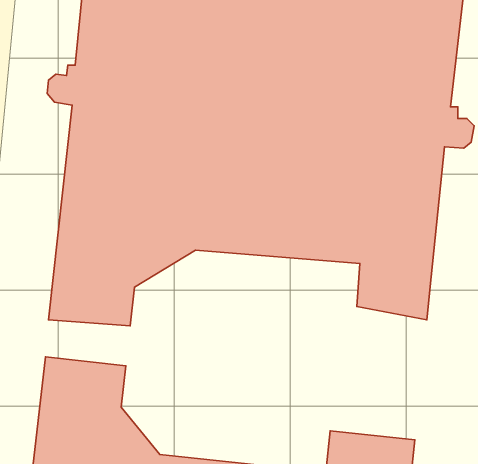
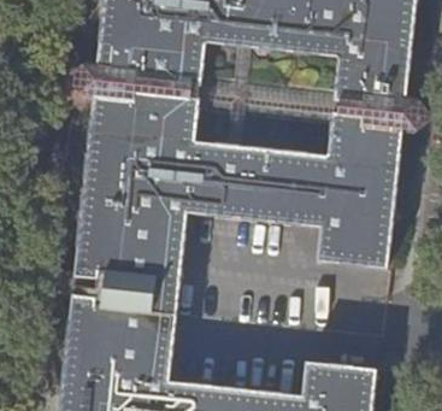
building: none -> [73,215,195,381]

